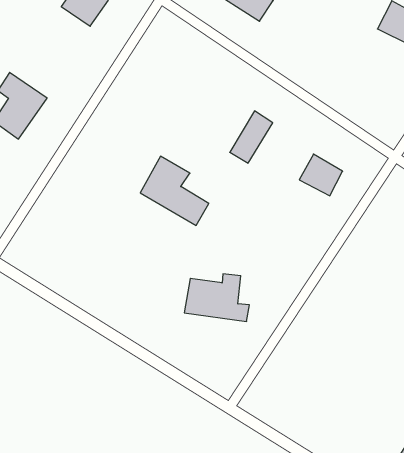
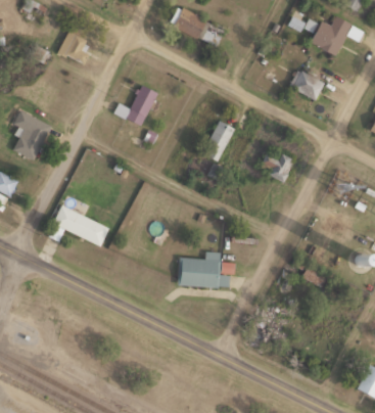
building: none -> [289,70,324,100]
building: none -> [114,86,157,126]
building: [140,156,209,225] -> [53,194,108,246]

